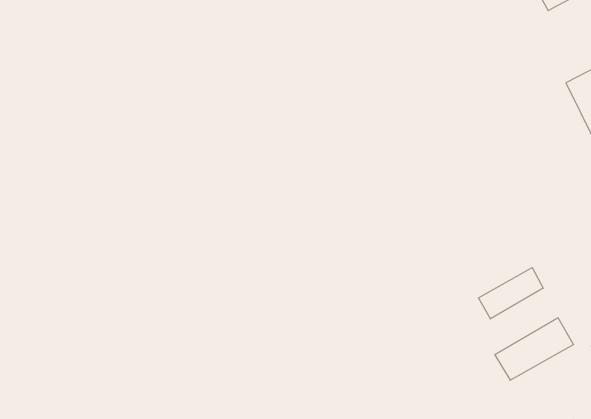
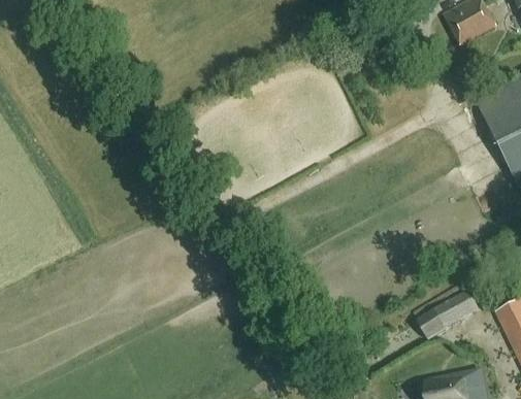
building: [478,268,543,319] -> none

